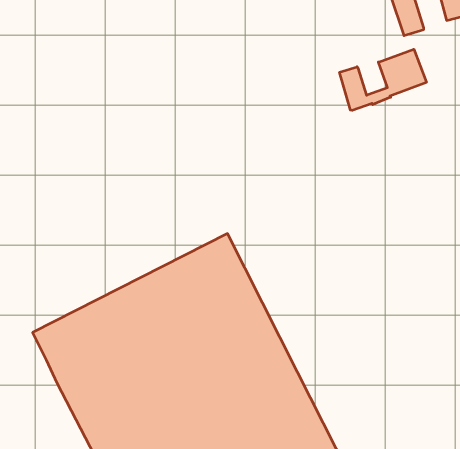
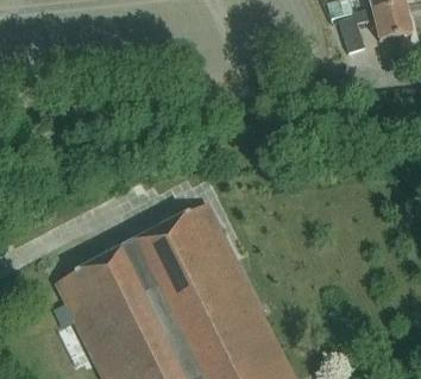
building: [340,49,426,110] -> none

